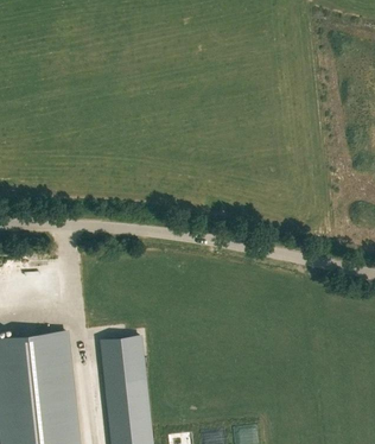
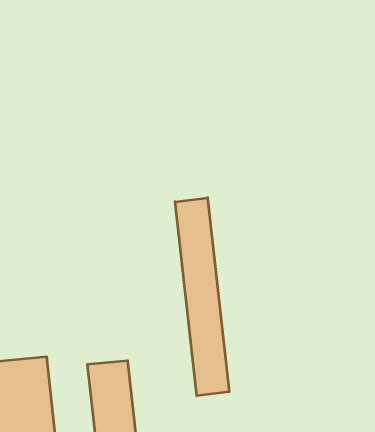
building: none -> [175,198,229,396]

